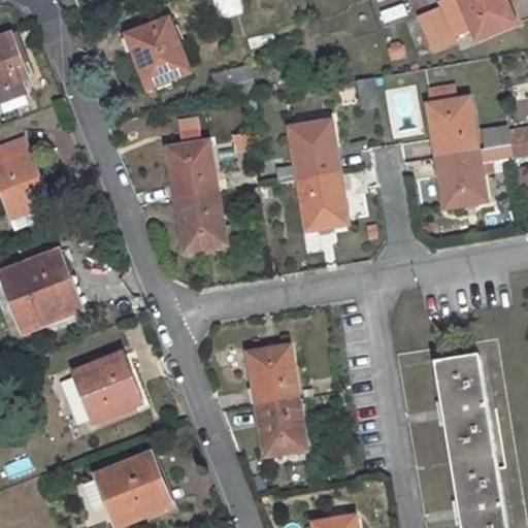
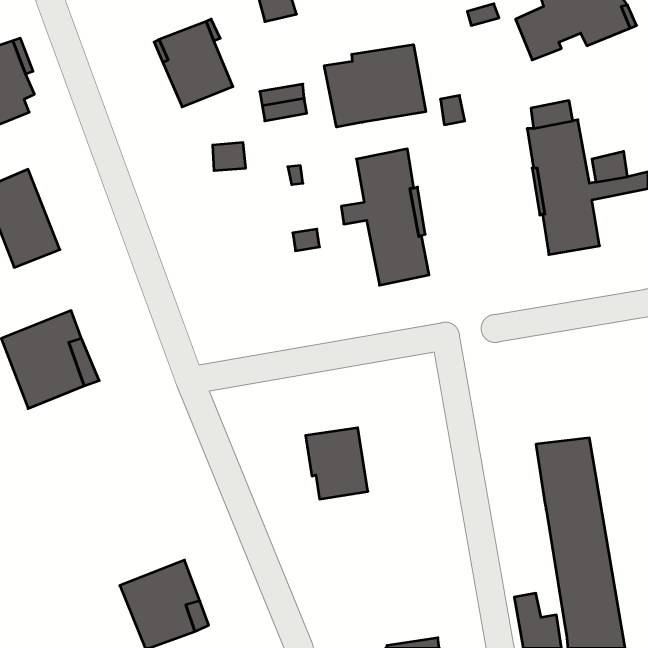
building: none -> [324,45,426,127]
building: [167,139,226,250] -> none
building: [74,354,139,421] -> none
building: [259,398,307,456] -> none

